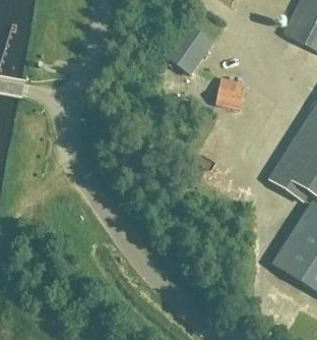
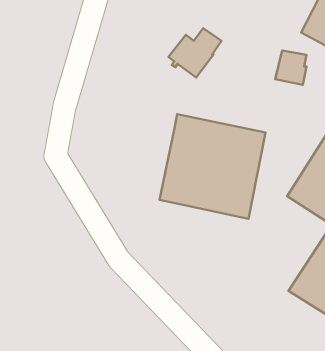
building: [216,77,244,108] -> [275,50,306,85]
building: none -> [159,114,266,219]

